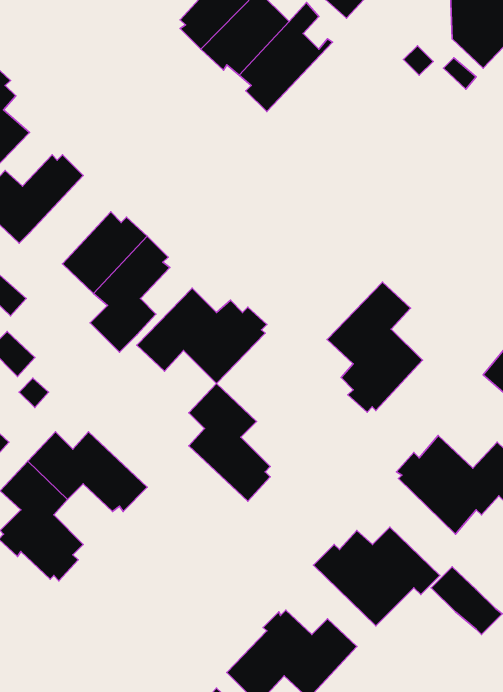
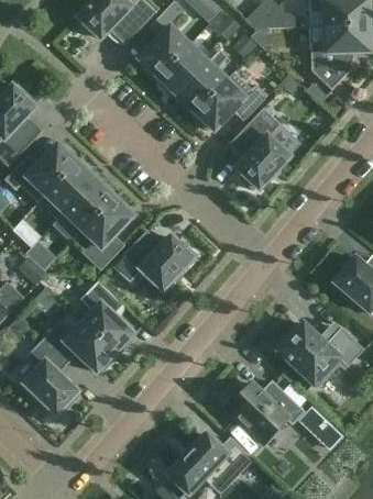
building: none -> [194,73,267,130]
building: none -> [43,157,95,220]
building: [327,282,422,412] -> [228,107,288,189]
building: [189,383,270,501] -> [80,280,132,355]

